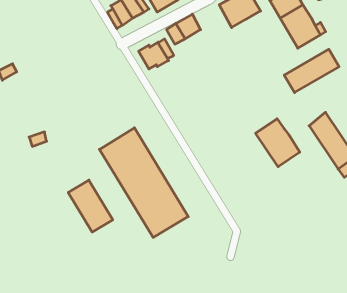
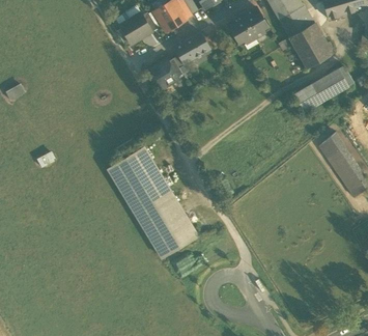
building: [256,119,300,167] -> none
building: [68,180,113,232] -> none

